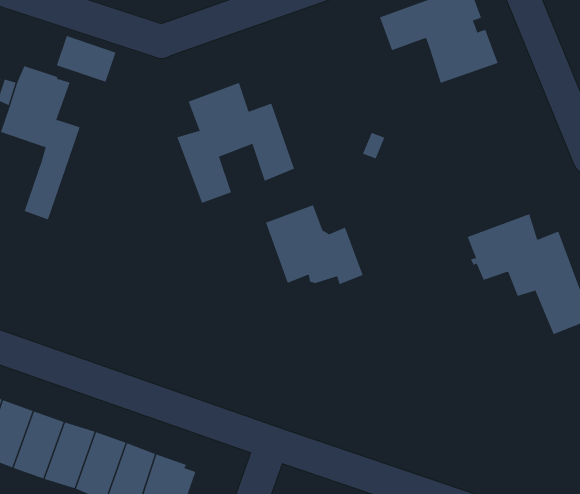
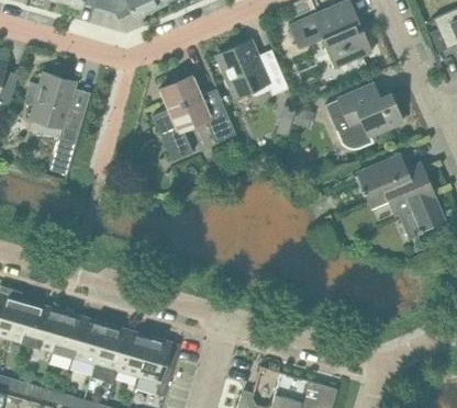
building: [56,35,116,83] -> none
building: none -> [324,83,402,151]
building: [265,204,363,285] -> [218,41,288,97]

